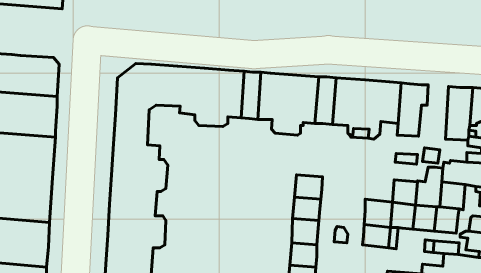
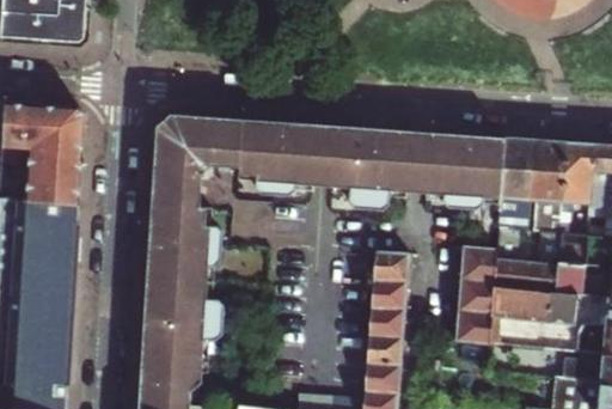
building: none -> [527,141,564,208]
building: none -> [461,243,498,286]

